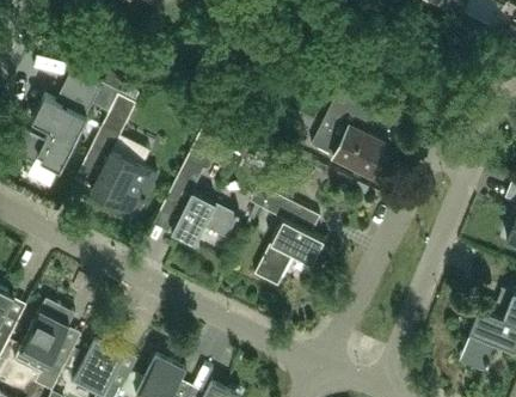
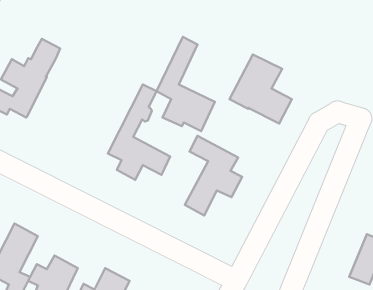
building: [86,93,158,209] -> [157,37,215,131]

